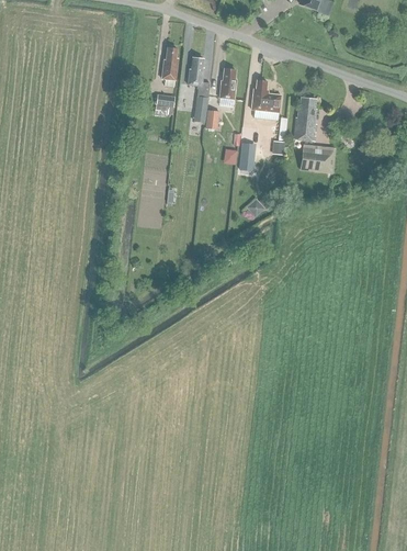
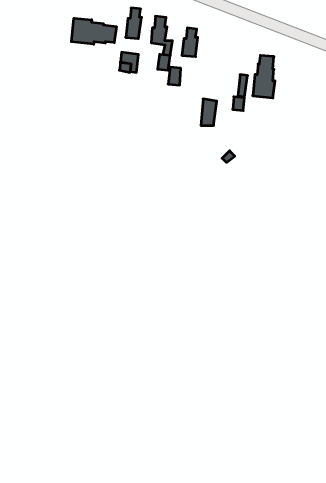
building: none -> [71,18,116,44]
building: [251,79,281,112] -> none
building: [299,144,335,172] -> none

